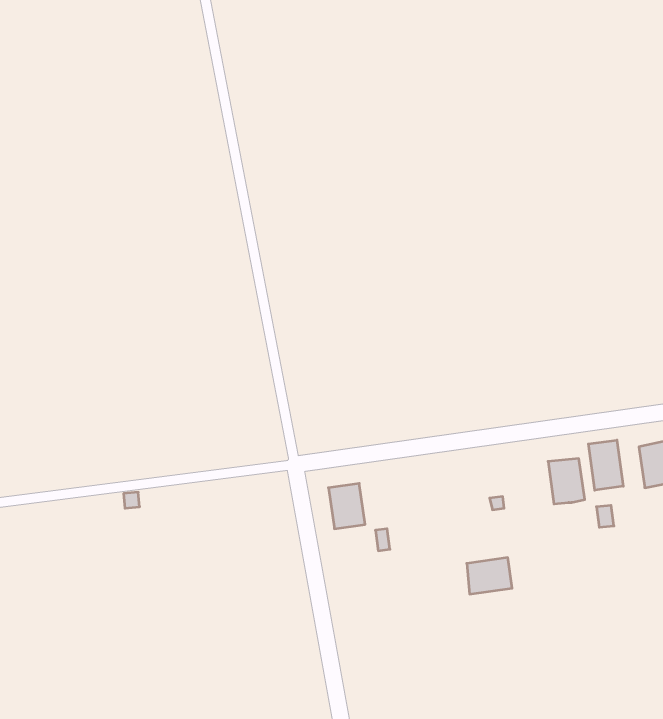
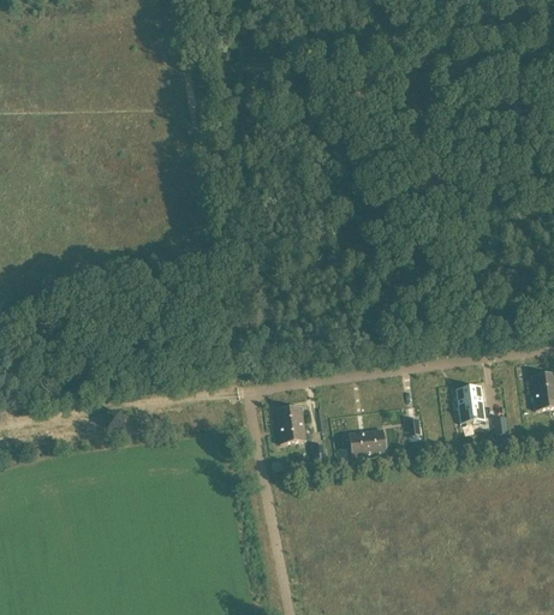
building: [588,440,623,490] -> none
building: [467,558,512,594] -> [349,428,386,458]

